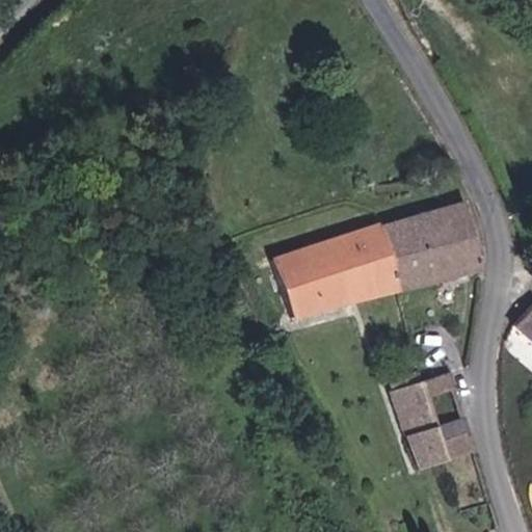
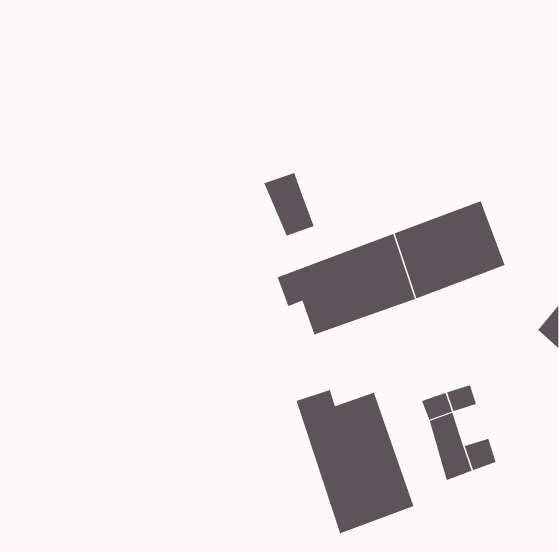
building: none -> [263,172,315,236]
building: none -> [296,389,414,534]

